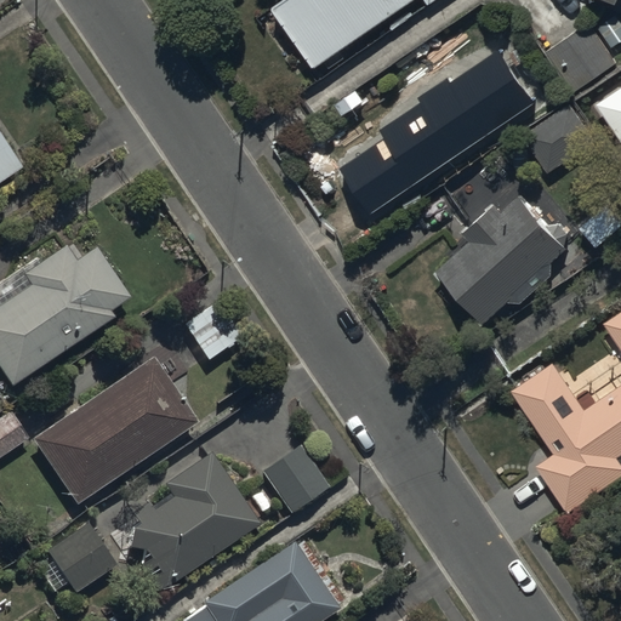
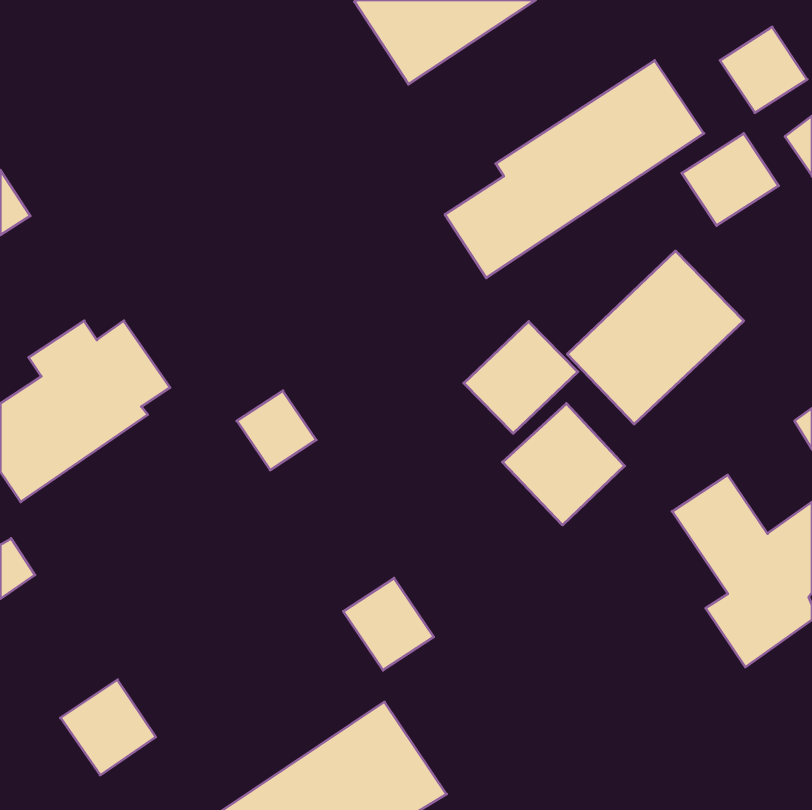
building: none -> [464,321,578,433]
building: none -> [502,403,625,525]
building: [32,358,196,506] -> none
building: [125,451,260,587] -> none

